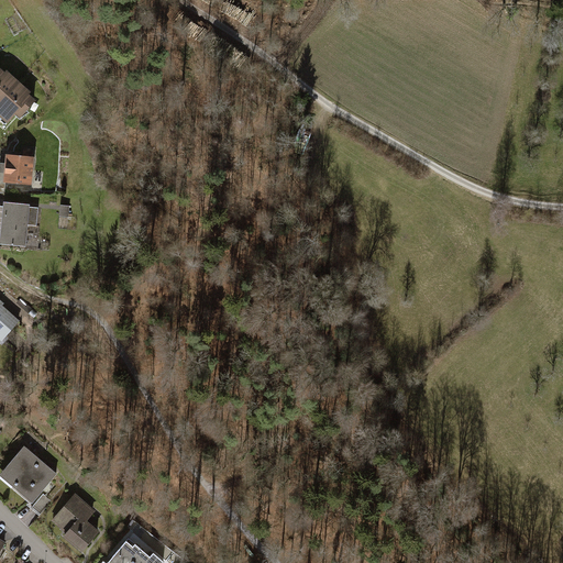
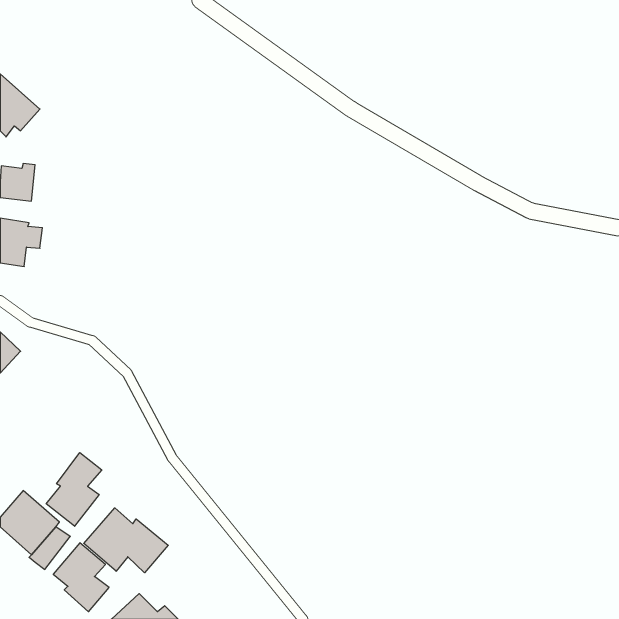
building: none -> [46,453,102,526]
building: none -> [84,508,168,573]

